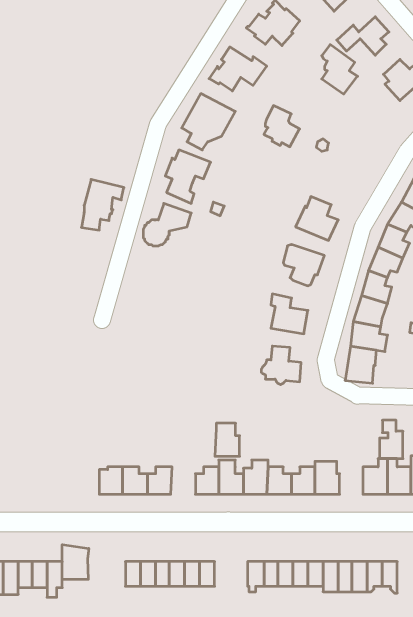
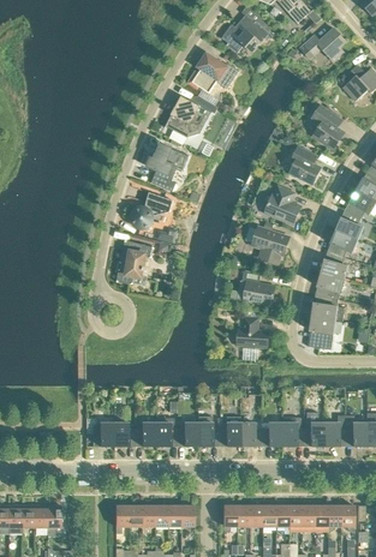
building: [322,45,358,94] -> [312,104,344,148]
building: [264,106,300,147] -> [288,146,320,182]
building: [81,179,124,230] -> [115,239,153,283]
building: [380,420,403,459] -> [302,412,322,445]
building: [215,423,240,456] -> [154,417,175,445]
building: [62,545,89,579] -> none

